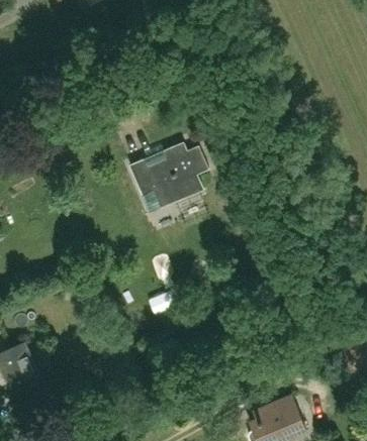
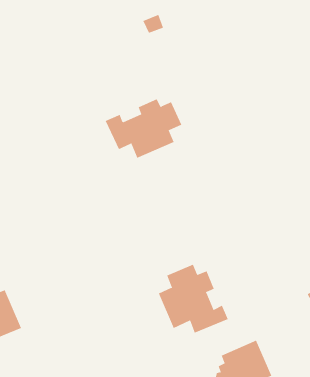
building: none -> [158,264,228,333]

